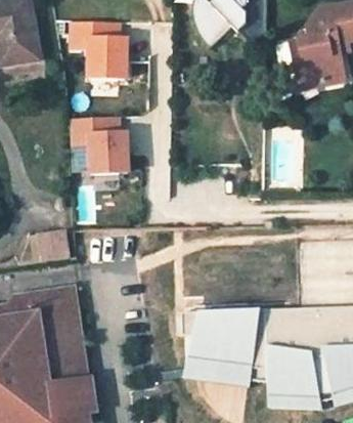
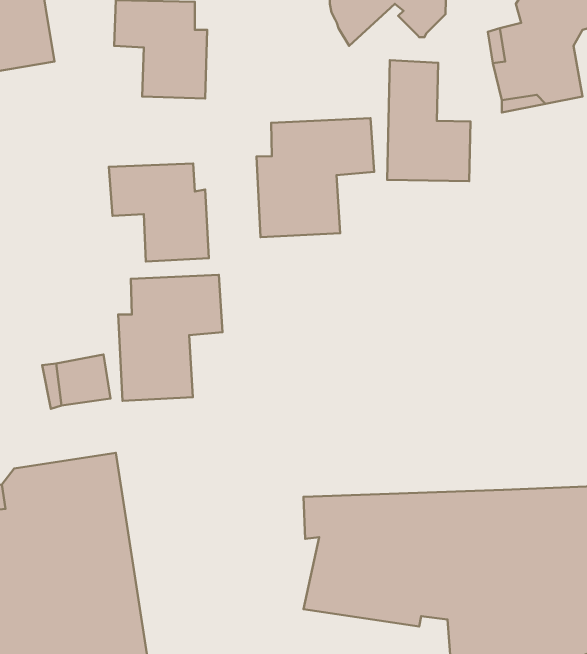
building: none -> [387,60,470,181]
building: none -> [257,118,374,237]
building: none -> [118,275,222,401]

